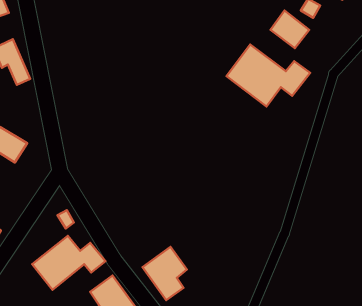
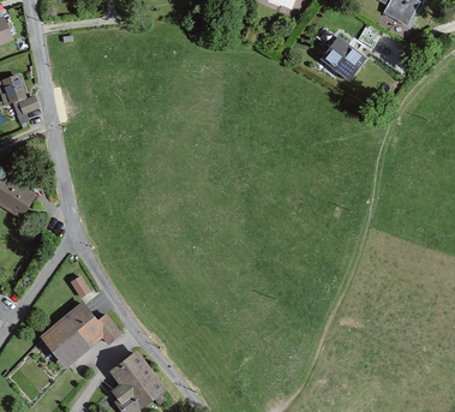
building: [226,44,310,106] -> none
building: [142,247,187,300] -> none

